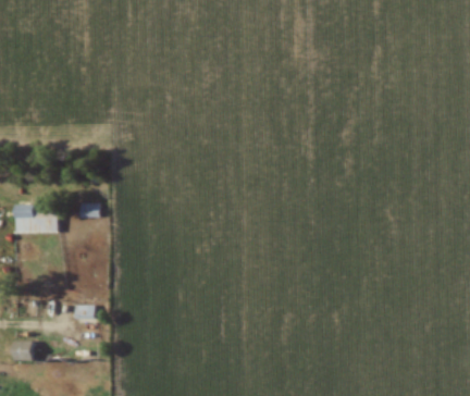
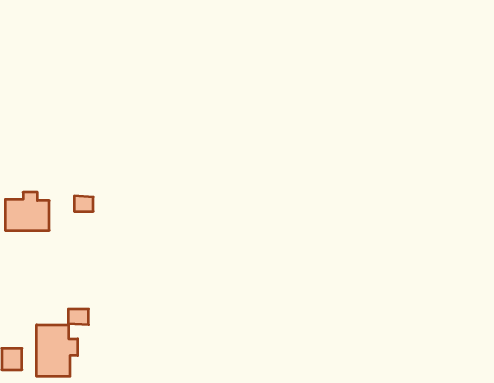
building: none -> [37,325,78,376]

